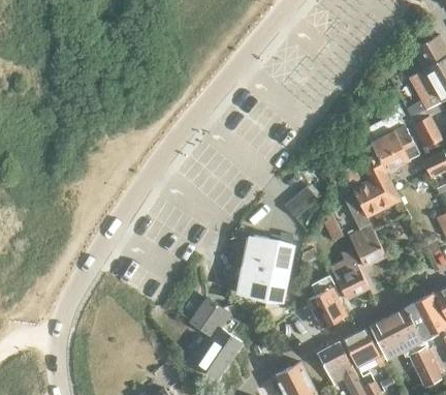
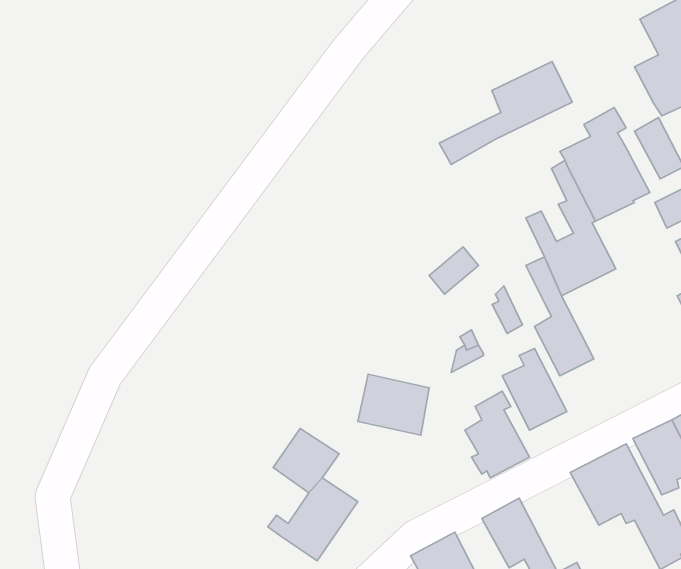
building: none -> [439,62,572,165]
building: [248,237,291,274] -> none
building: [343,328,384,367] -> none

